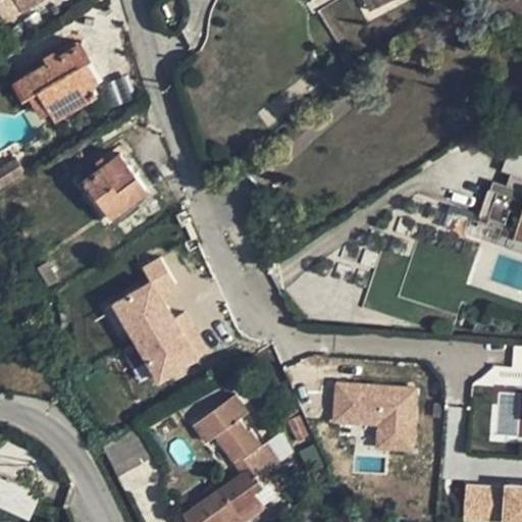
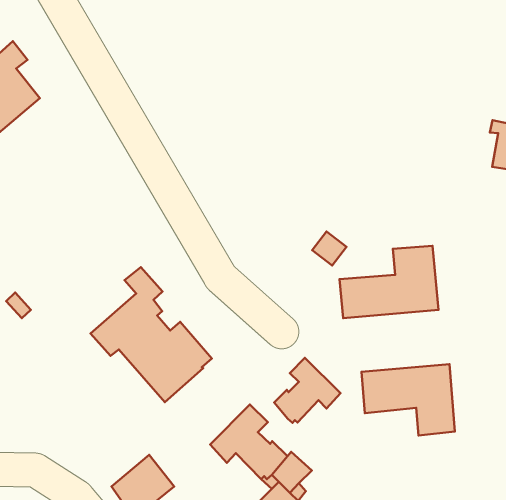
building: [74,151,145,217] -> none
building: none -> [340,246,439,318]
building: none -> [274,358,341,423]

